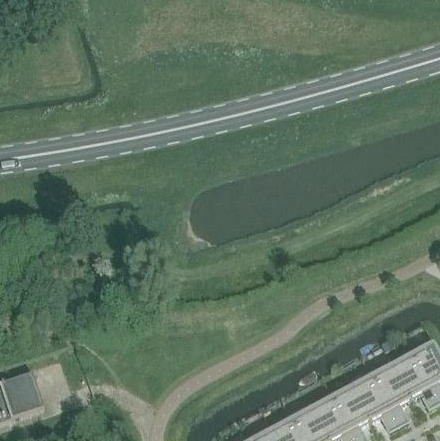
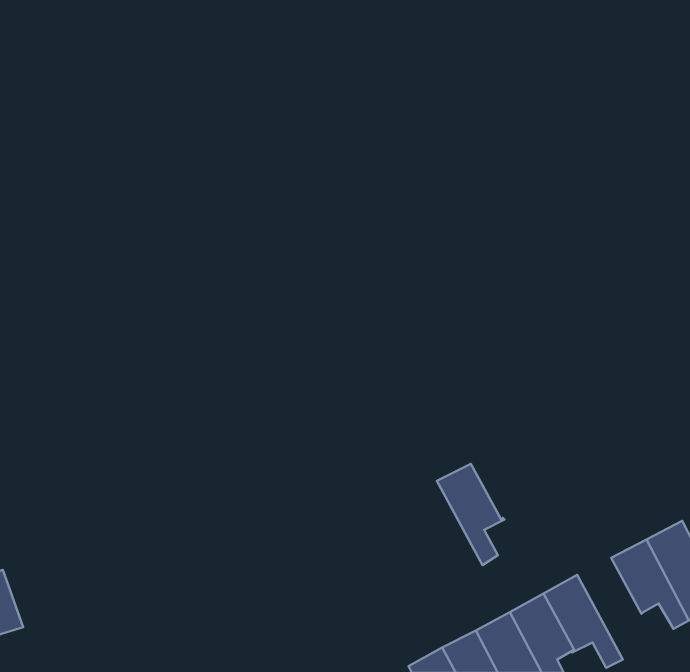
building: [370,365,410,425] -> [437,464,505,565]

